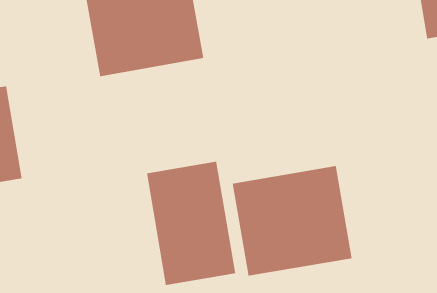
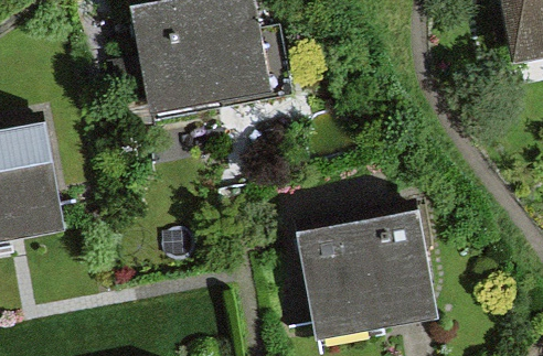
building: [146,161,236,286] -> none

